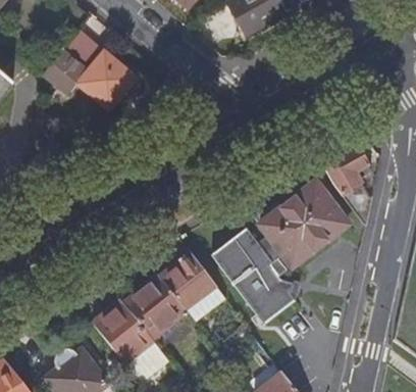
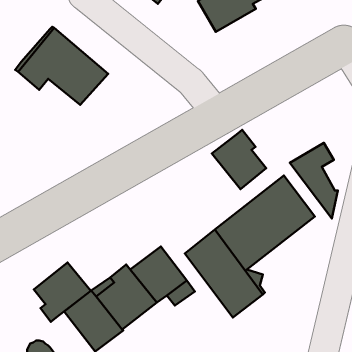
building: none -> [212,130,266,189]
building: none -> [34,263,91,322]

